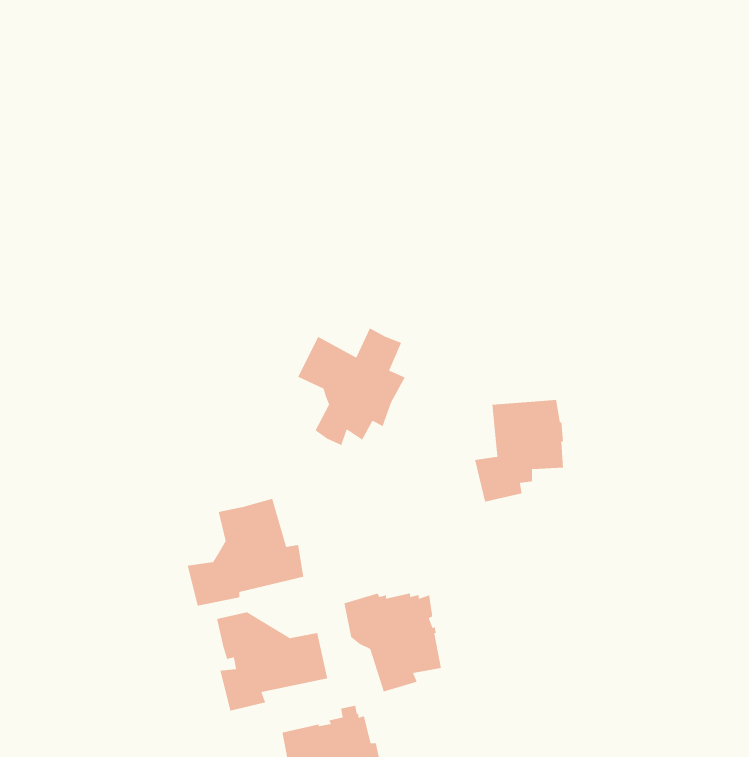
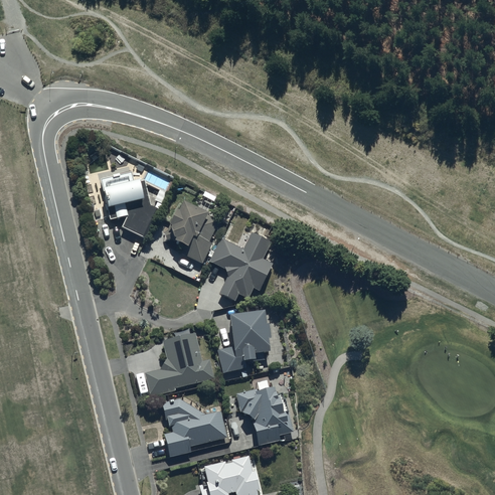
building: none -> [101,169,158,237]
building: none -> [166,201,219,262]
building: [474,399,564,503] -> [217,312,270,372]

